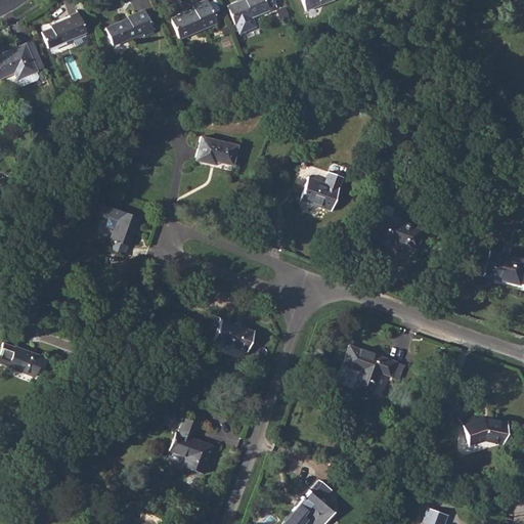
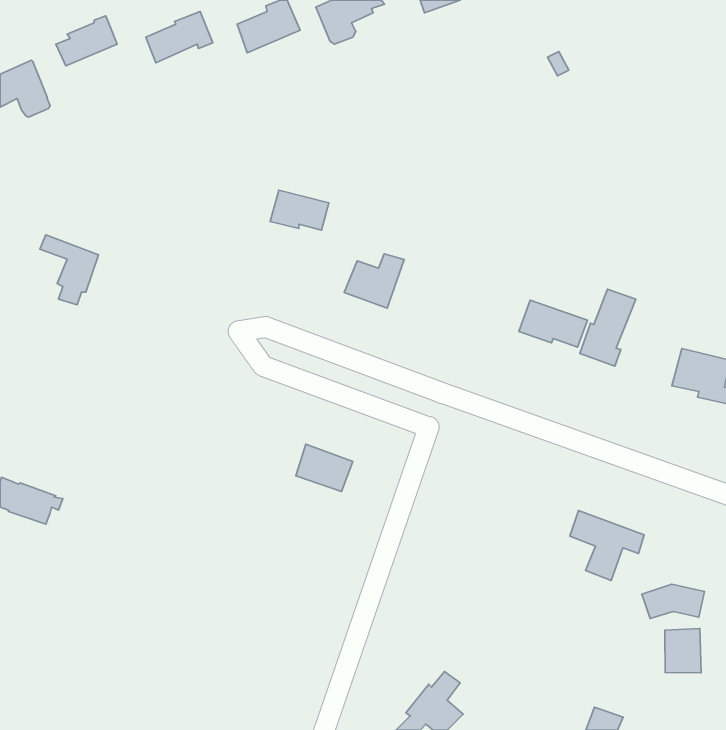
building: [301,172,344,211] -> [344,254,404,308]
building: [99,204,141,254] -> [40,235,99,305]
building: none -> [580,289,636,366]
building: [343,345,396,395] -> [570,511,644,581]
building: [169,417,214,473] -> none
building: none -> [665,629,701,673]

